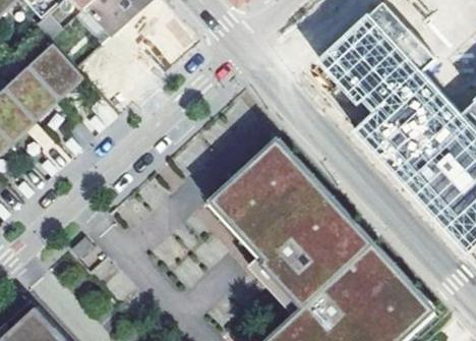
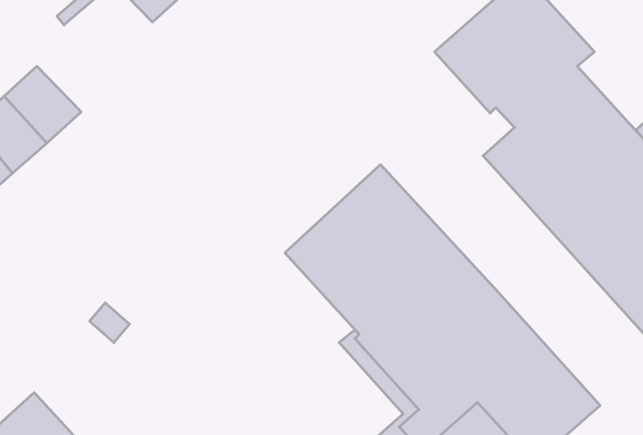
building: [32,45,87,101] -> none

